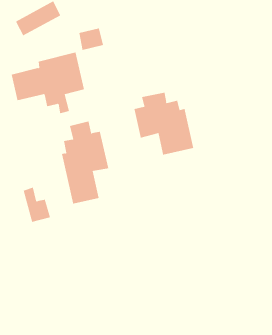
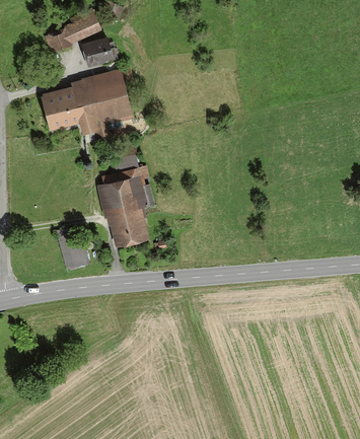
building: [78,28,104,50] -> [82,38,112,64]
building: [134,92,194,155] -> none

